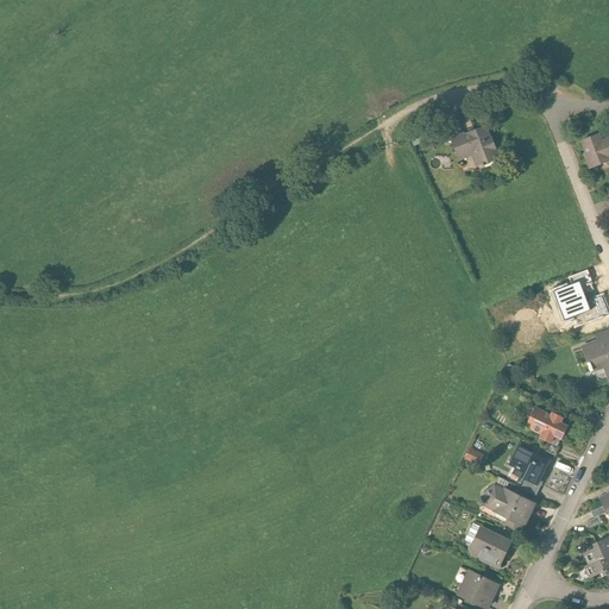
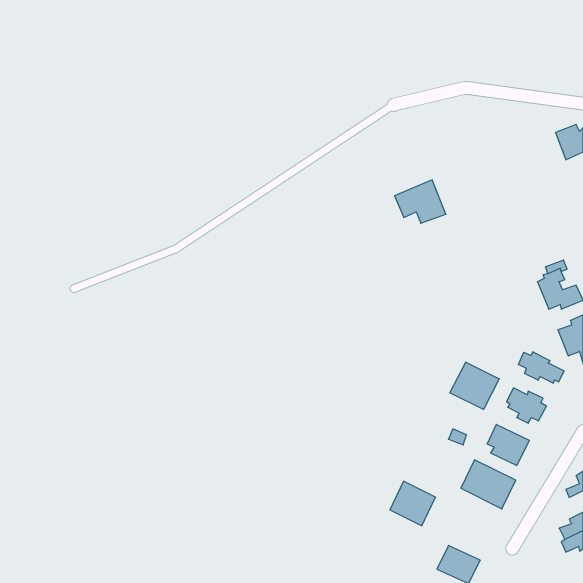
building: [448,126,502,171] -> [395,180,446,223]
building: none -> [518,352,564,383]
building: none -> [450,362,499,409]
building: [466,522,514,569] -> [390,481,436,526]

